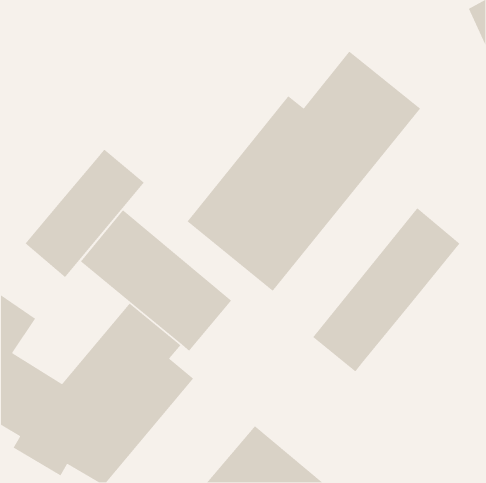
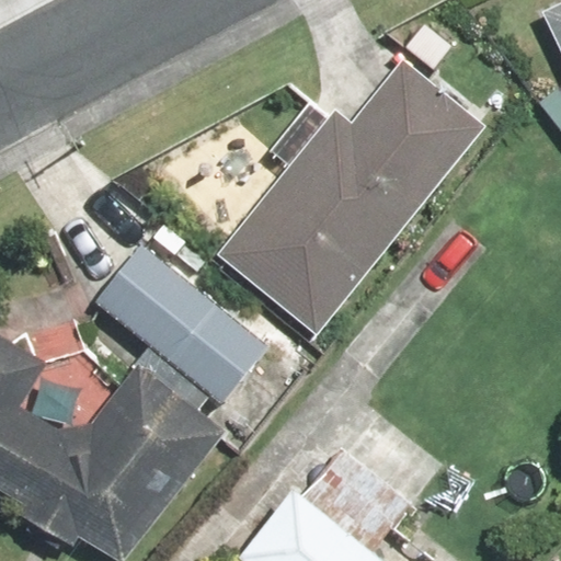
building: [24,149,145,278] -> none
building: [312,207,461,372] -> none

